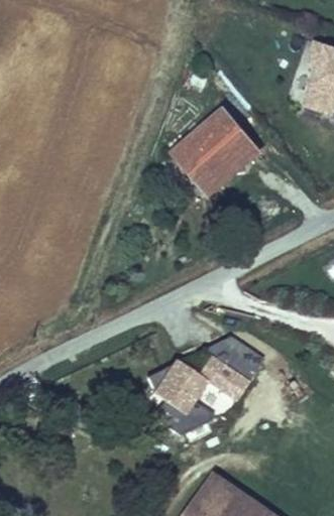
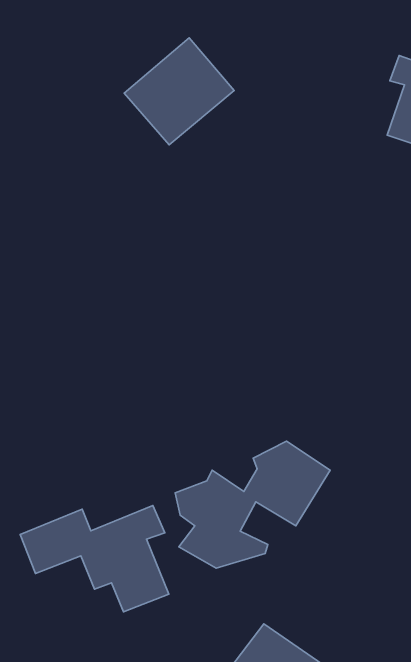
building: [174,108,257,189] -> [124,38,234,145]
building: none -> [20,505,169,612]

